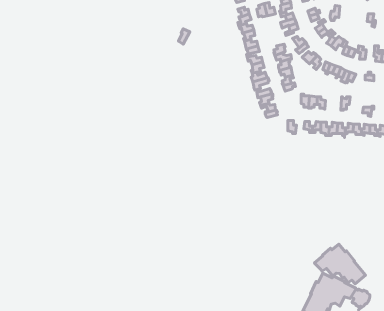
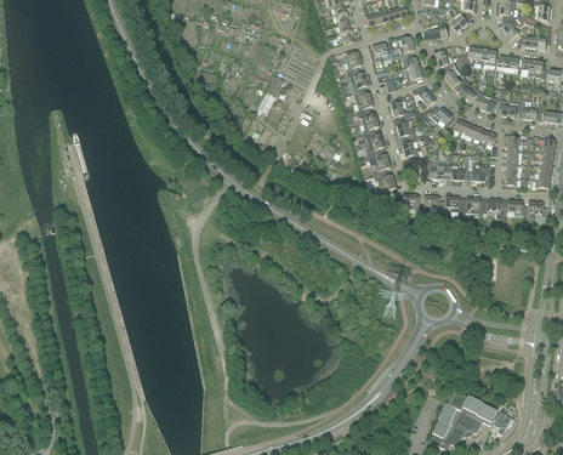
building: [314,244,365,284] -> none

